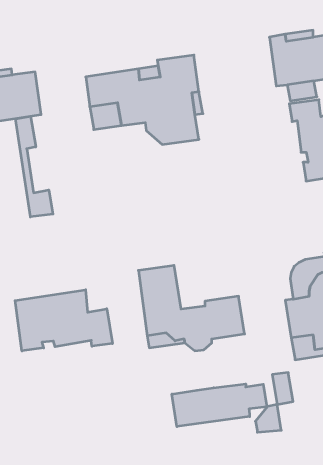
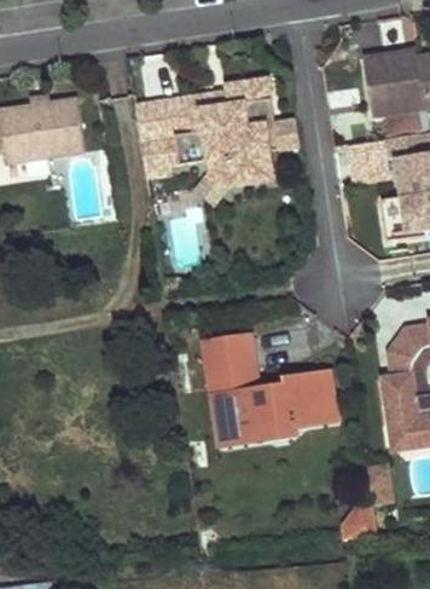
building: [16,116,53,217] -> none
building: [15,290,112,351] -> none
building: [172,384,267,427] -> none

